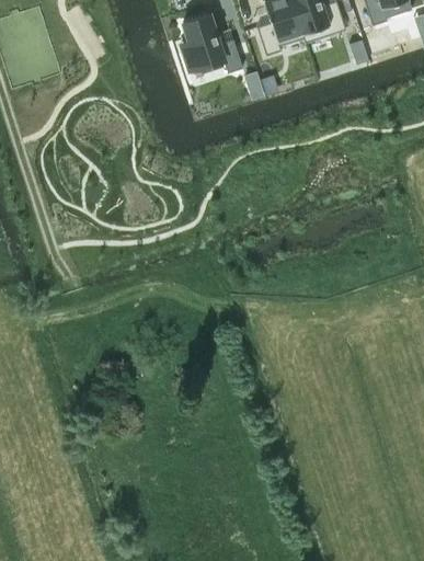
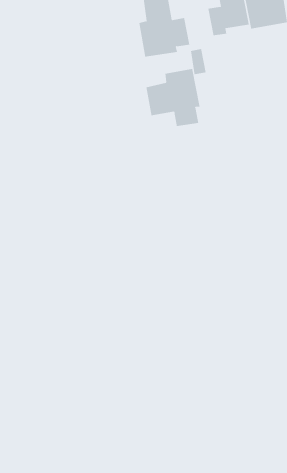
building: none -> [146,68,200,127]

